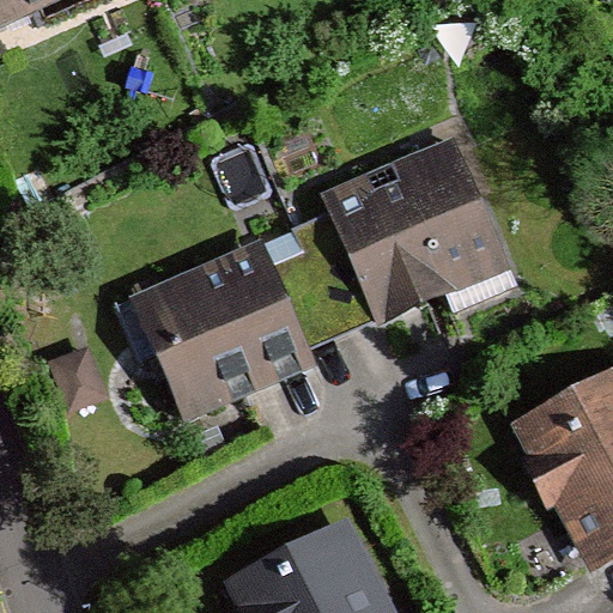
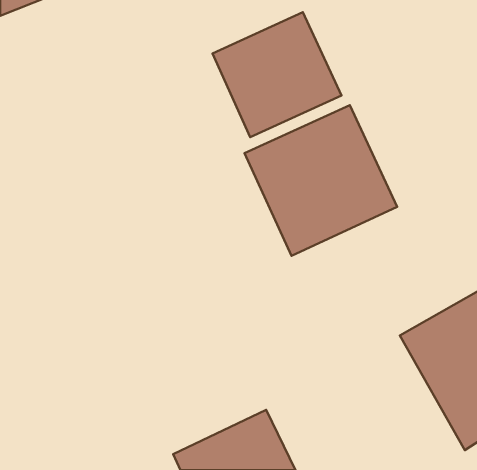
building: none -> [212,12,342,137]
building: [128,242,310,424] -> none

